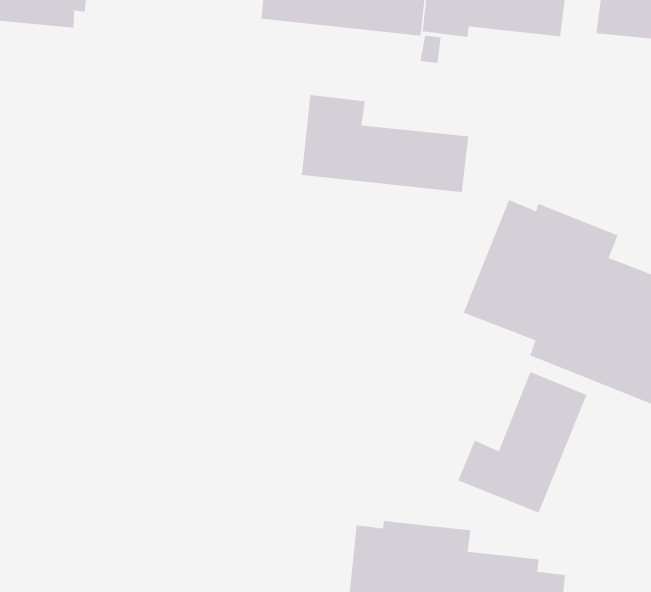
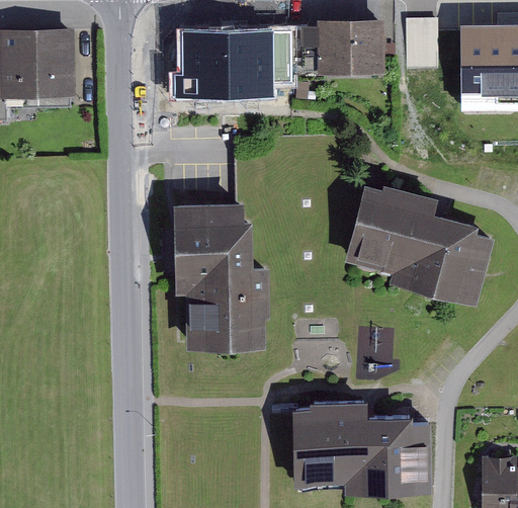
building: [301,94,469,193] -> none
building: none -> [174,204,270,349]
building: [458,371,587,514] -> none

